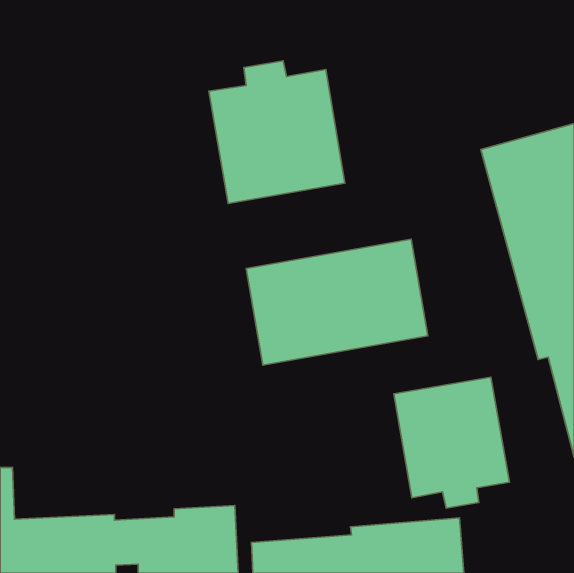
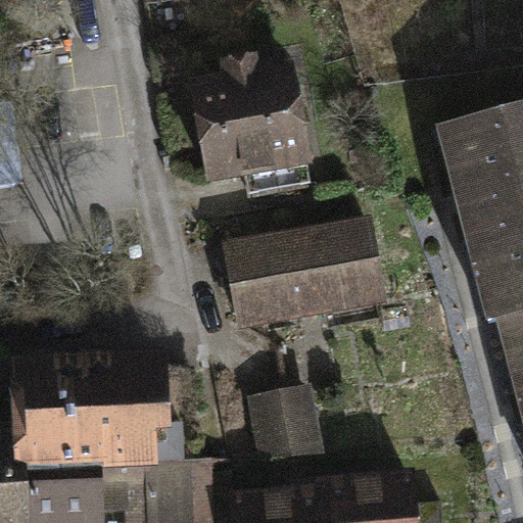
building: [394,377,509,508] -> none
building: none -> [9,352,173,473]
building: none -> [247,386,323,463]

